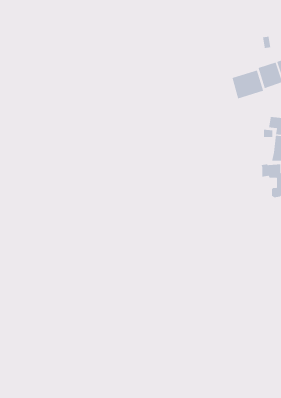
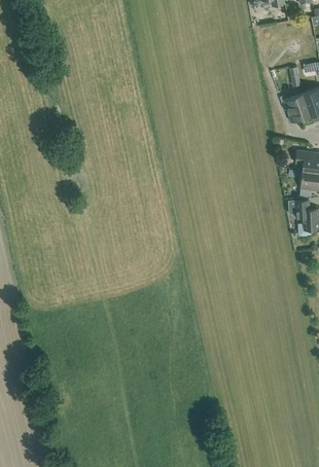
building: [231,70,264,100] -> none

